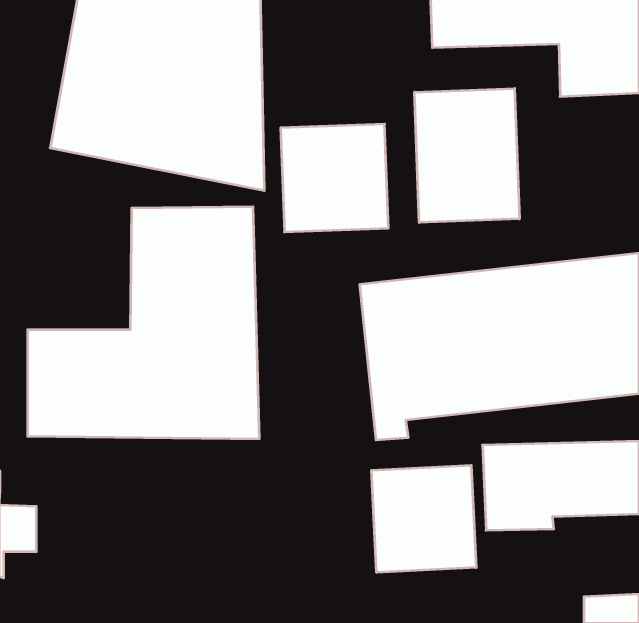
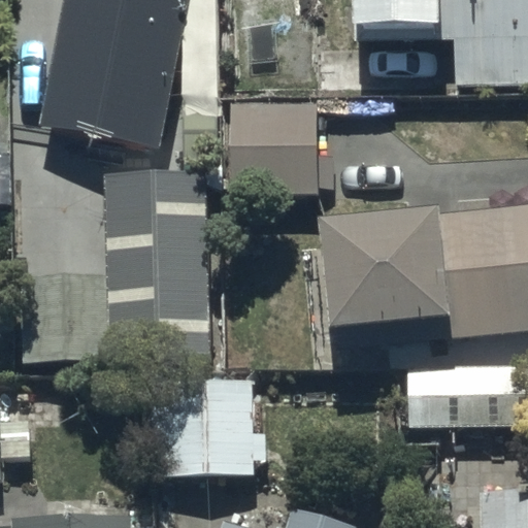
building: [415,88,519,223] -> none
building: none -> [164,375,266,475]
building: [372,465,476,572] -> none

